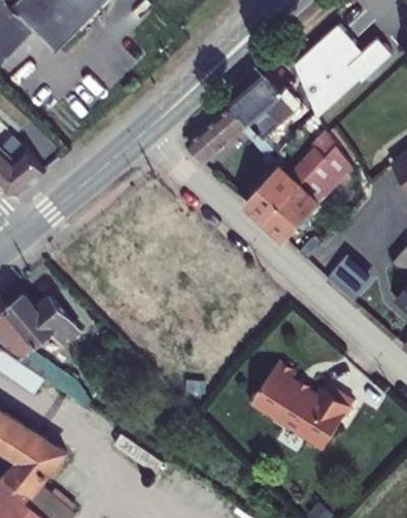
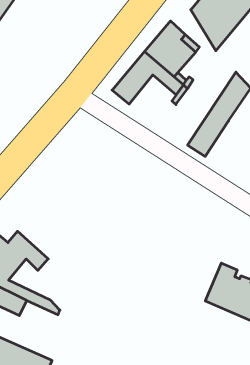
building: [246,131,334,222] -> none

